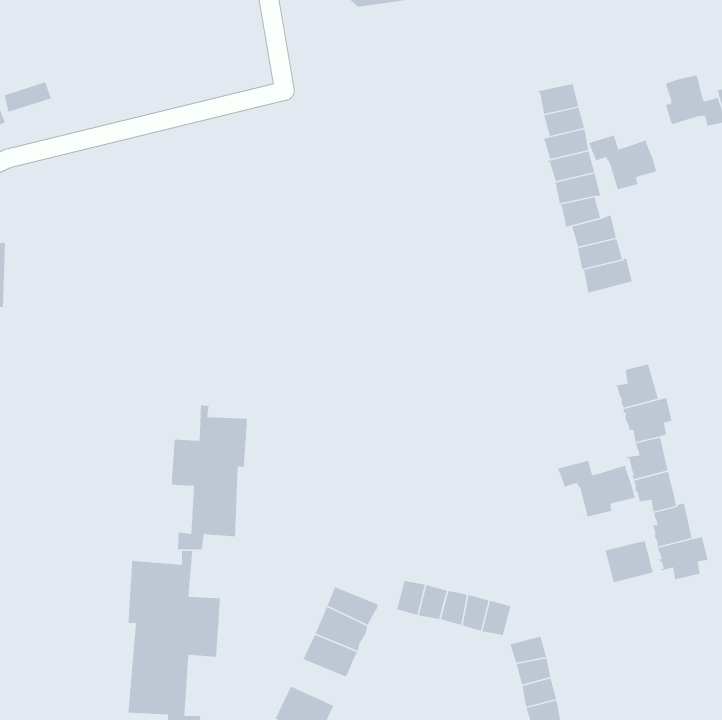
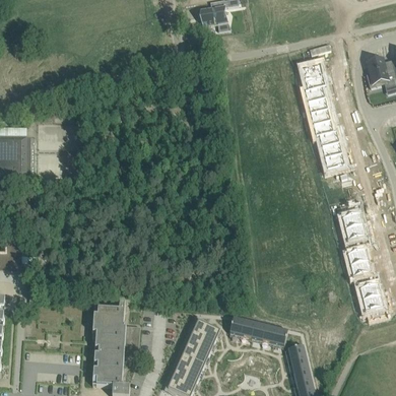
building: [588,135,657,191] -> none
building: [171,404,248,550] -> none
building: [557,460,636,518] -> none
building: [605,540,654,583] -> none
building: none -> [175,356,203,380]

